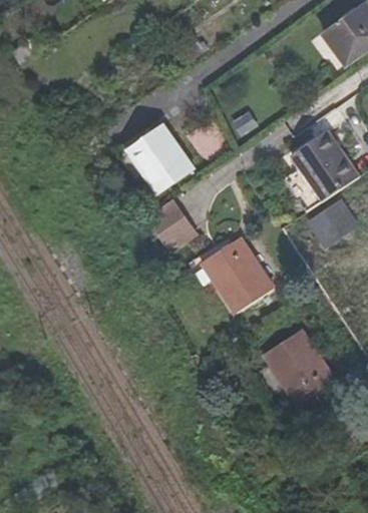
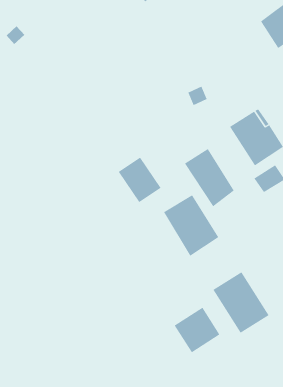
building: [128,123,195,192] -> none
building: none -> [184,148,234,207]
building: none -> [174,307,220,353]

